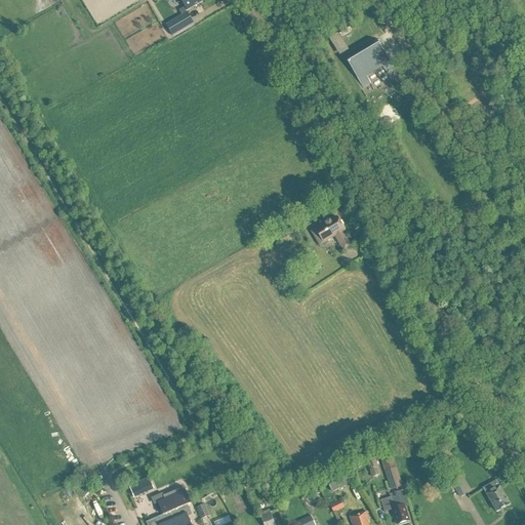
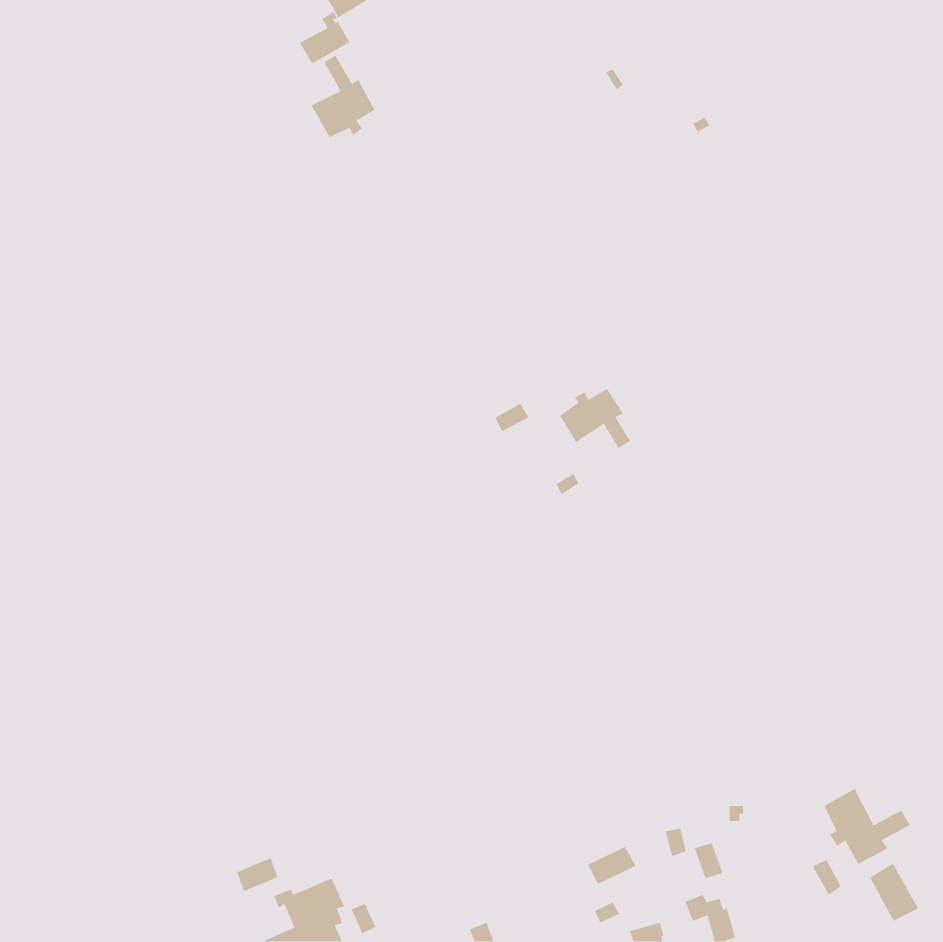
building: none -> [311,55,376,138]
building: [346,39,389,88] -> none
building: none -> [824,788,911,865]

